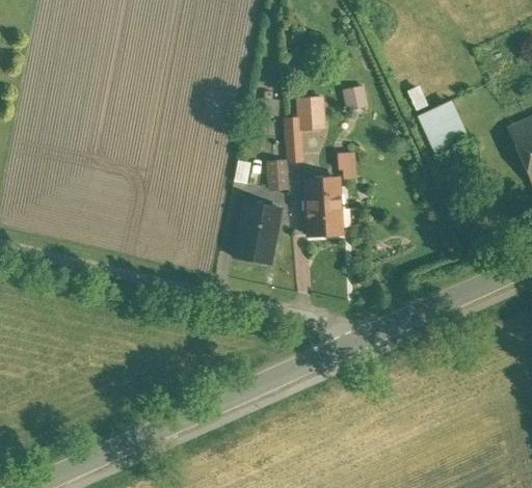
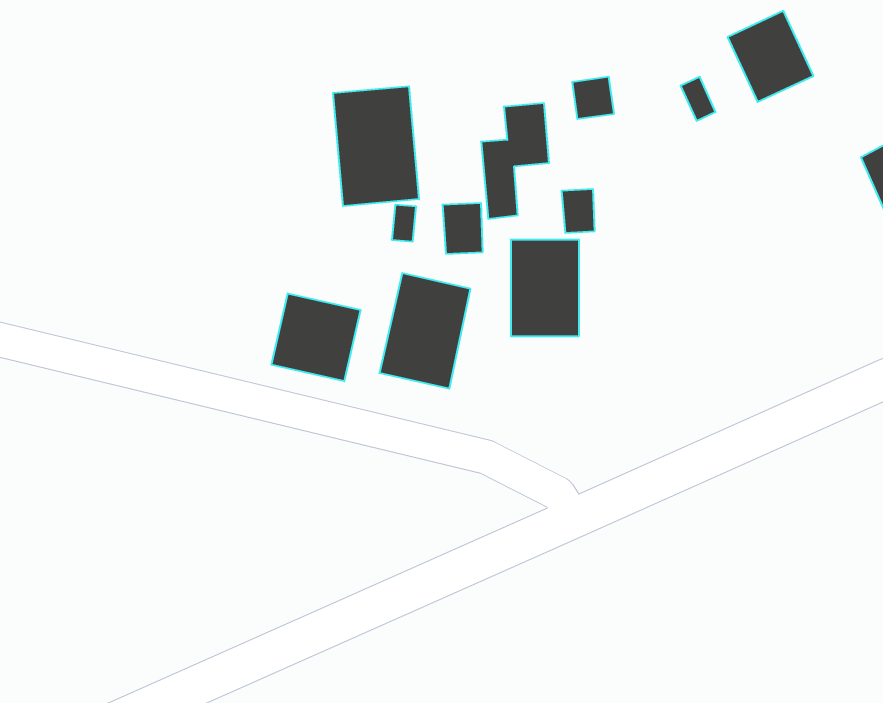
building: none -> [333,86,419,206]
building: [413,102,463,156] -> [728,11,813,102]
building: none -> [271,293,361,381]

